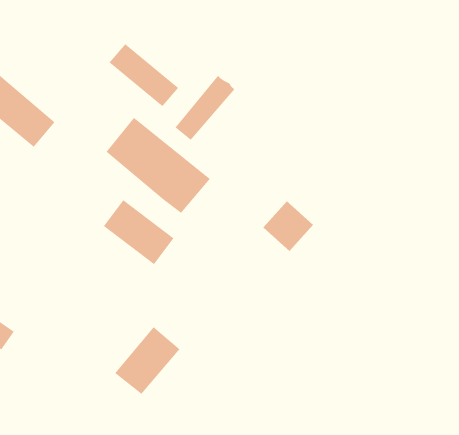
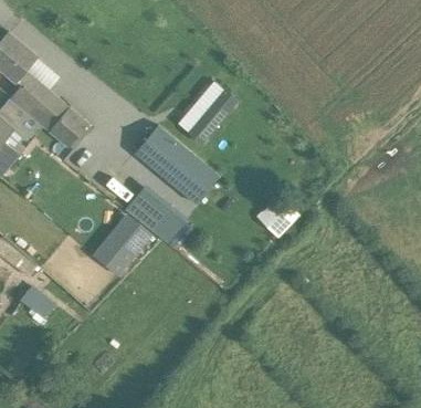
building: [109,43,179,107] -> none
building: [114,326,181,395] -> [95,220,149,276]

